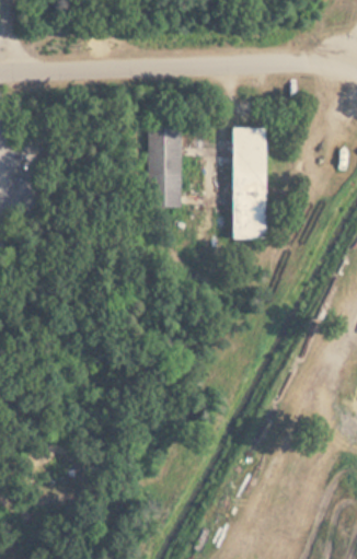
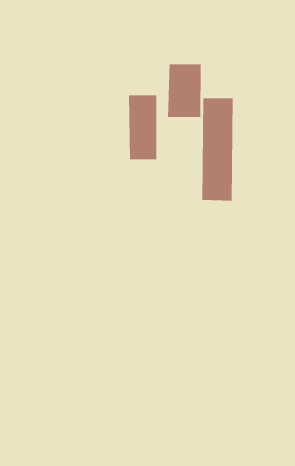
building: none -> [167,64,201,118]

